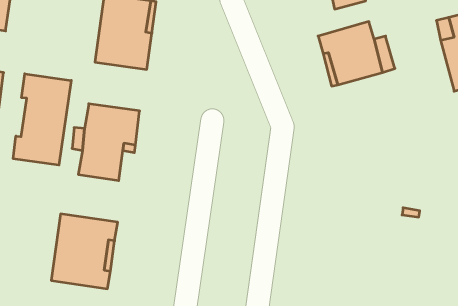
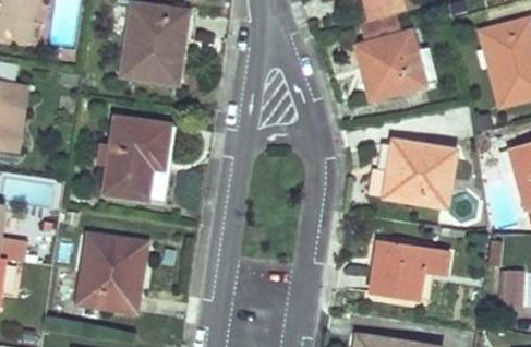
building: [13,74,71,165] -> none
building: none -> [384,140,455,206]
building: none -> [370,240,448,300]

